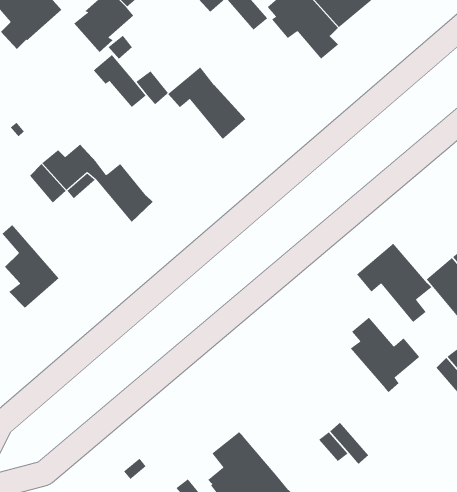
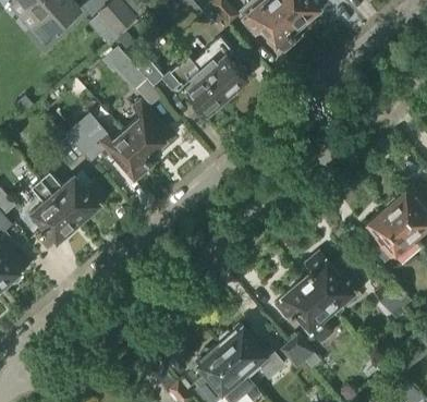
building: none -> [188,36,247,97]
building: none -> [125,101,170,157]
building: none -> [40,172,106,222]
building: [356,243,432,323] -> [277,278,337,341]
building: none -> [219,325,286,378]

